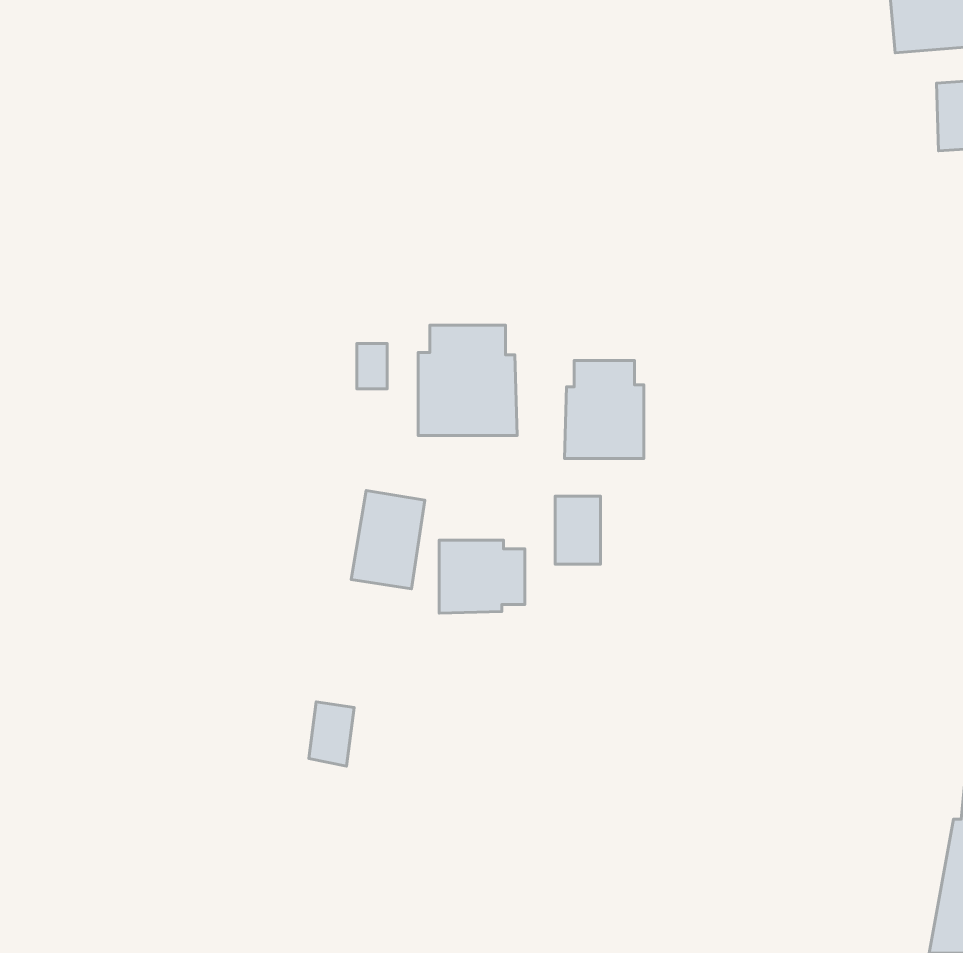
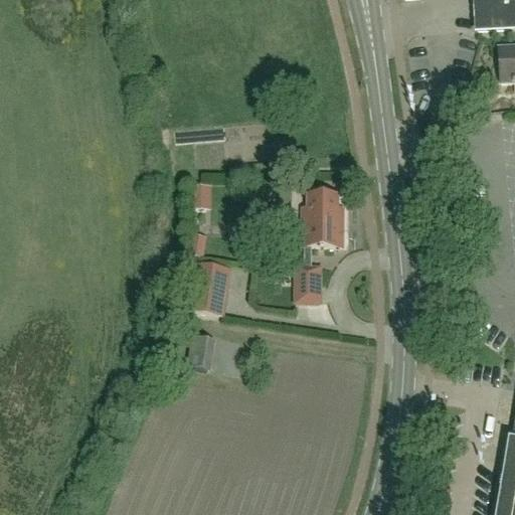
building: [418,325,517,435] -> none
building: [439,540,525,613] -> none
building: [309,702,354,766] -> [189,335,213,369]

